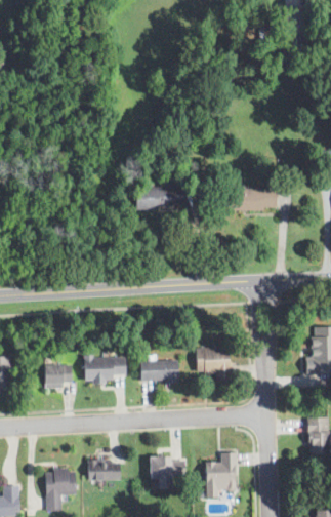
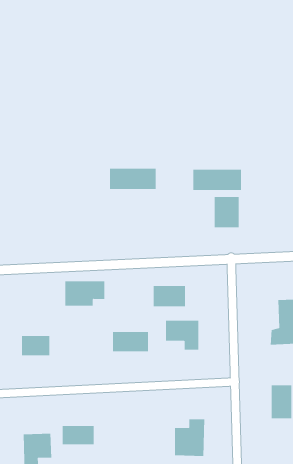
building: none -> [214,196,239,228]
building: none -> [153,285,185,307]
building: [84,355,127,382] -> [65,281,105,306]
building: [149,455,187,489] -> none

